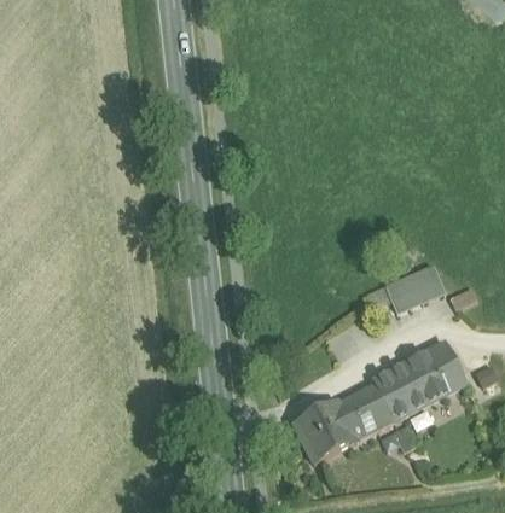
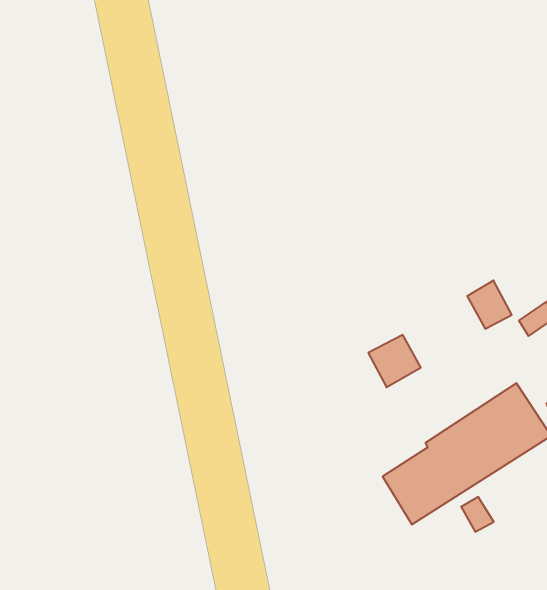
building: [387,275,424,313] -> [368,335,421,387]
building: [295,402,356,462] -> none

